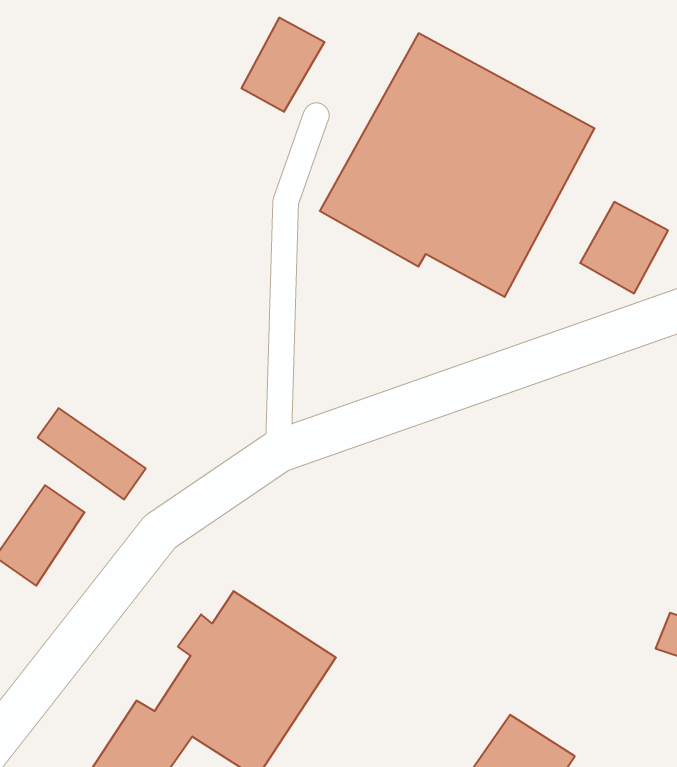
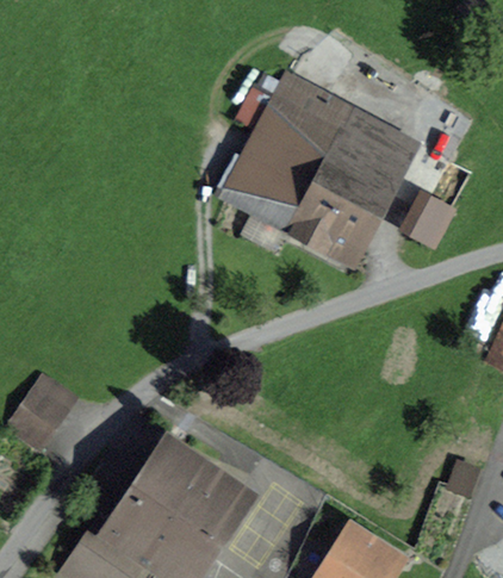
building: [241,18,324,112] -> none
building: [38,408,146,500] -> none

